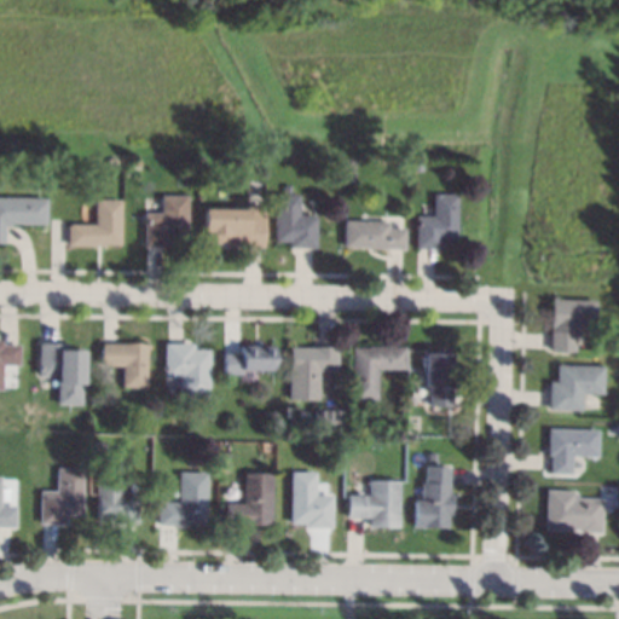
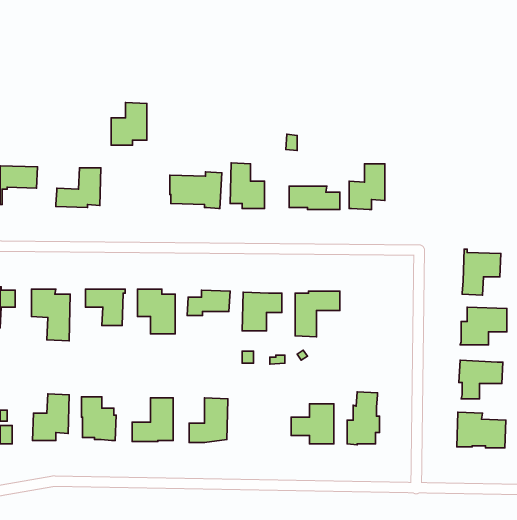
building: [147,195,190,245] -> [111,102,147,145]
building: [423,347,455,406] -> none
building: [293,472,334,527] -> none

